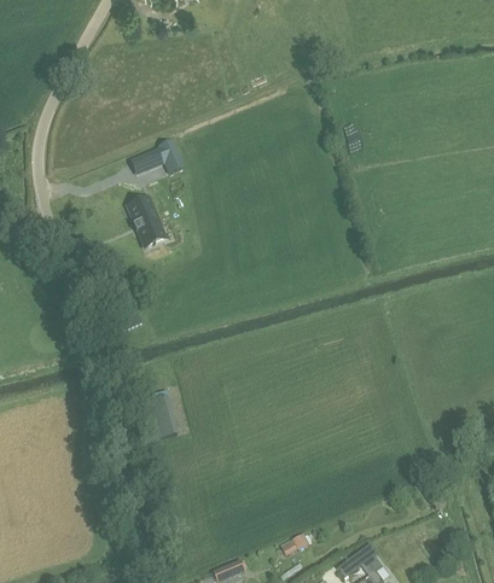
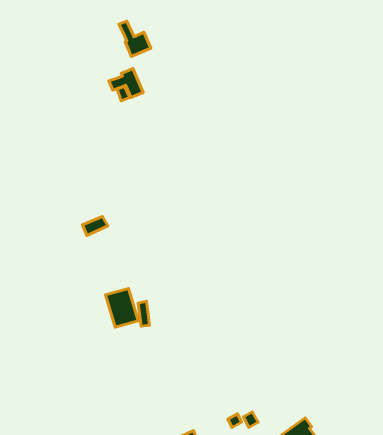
building: none -> [119,21,151,57]
building: [126,196,162,247] -> none

